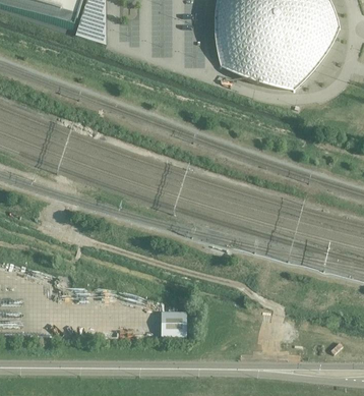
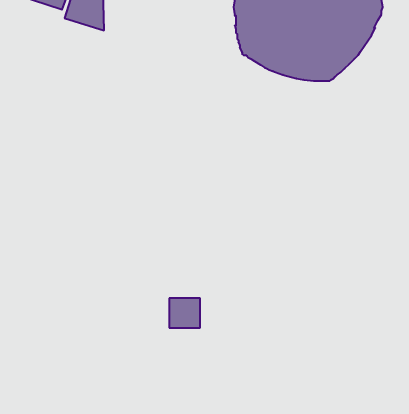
building: [160,308,185,333] -> [169,298,200,328]

